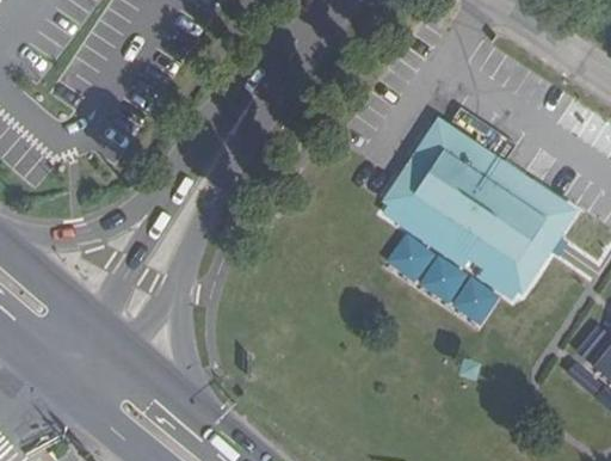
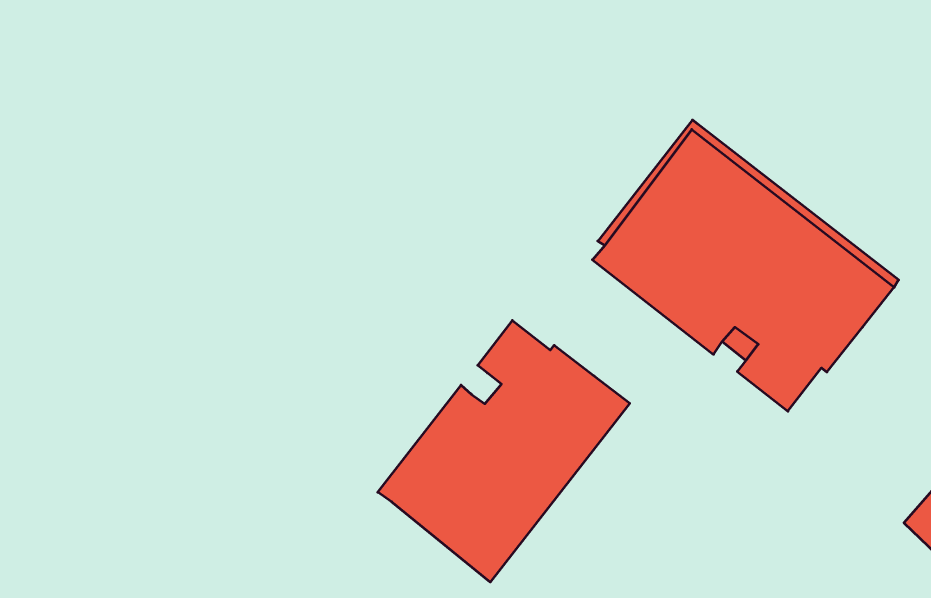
building: none -> [378,320,630,582]

